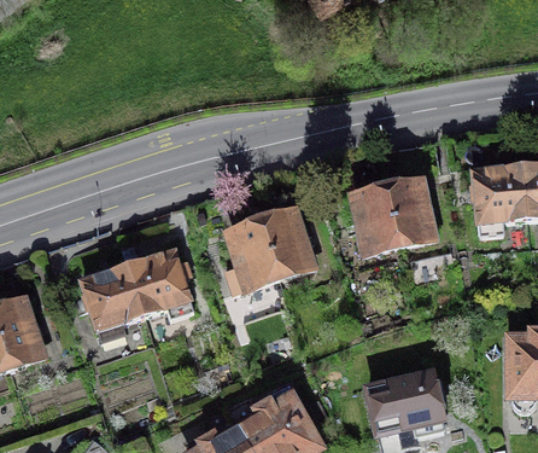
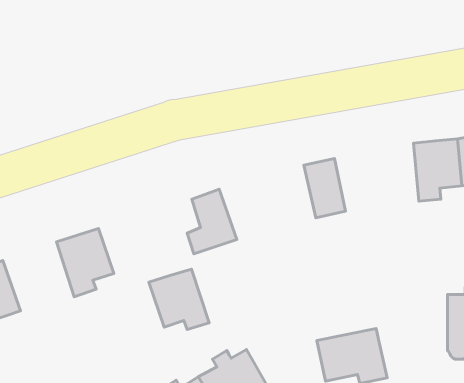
building: [387,178,432,243] -> none
building: [261,208,311,274] -> none
building: [128,248,194,314] -> [149,269,209,329]

